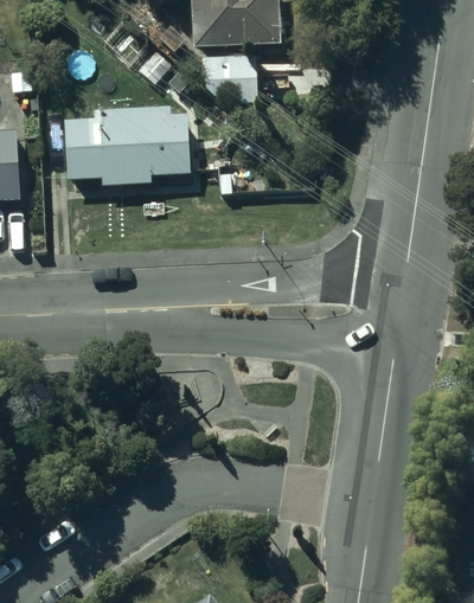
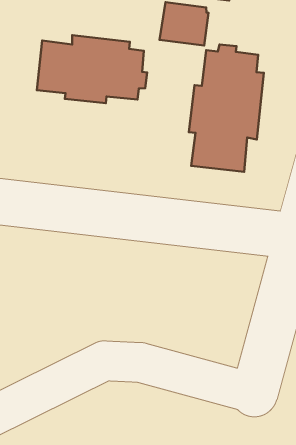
building: none -> [189,45,264,172]

